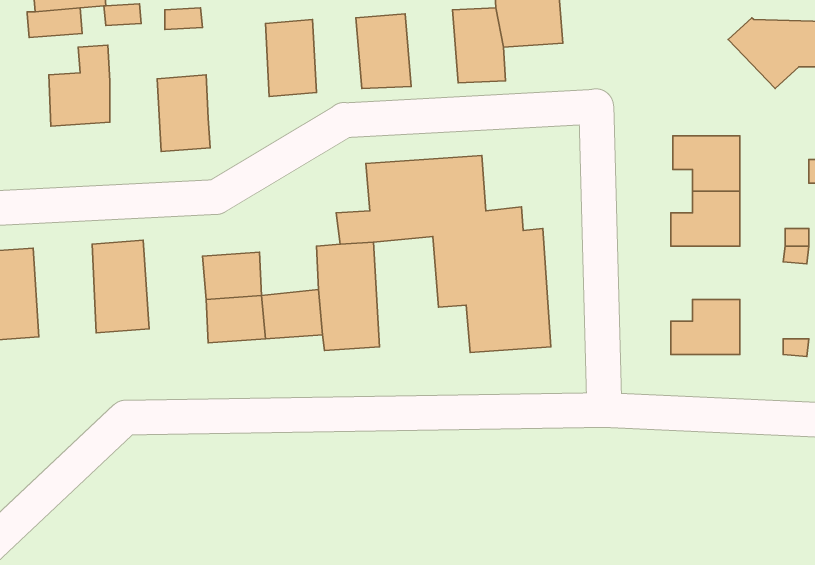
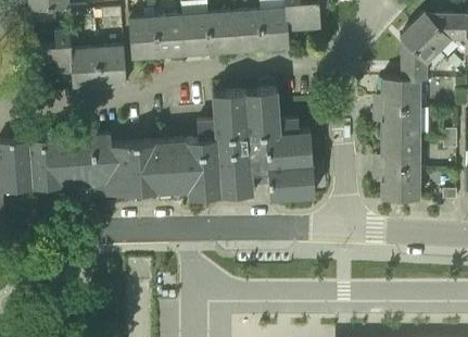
building: none -> [233,9,263,51]
building: none -> [182,13,210,54]
building: none -> [128,16,159,58]
building: none -> [400,25,438,79]
building: none -> [71,47,99,89]
building: none -> [216,134,253,195]
building: none -> [89,135,125,195]
building: none -> [28,138,63,189]
building: none -> [153,139,186,166]
building: none -> [380,139,418,168]

